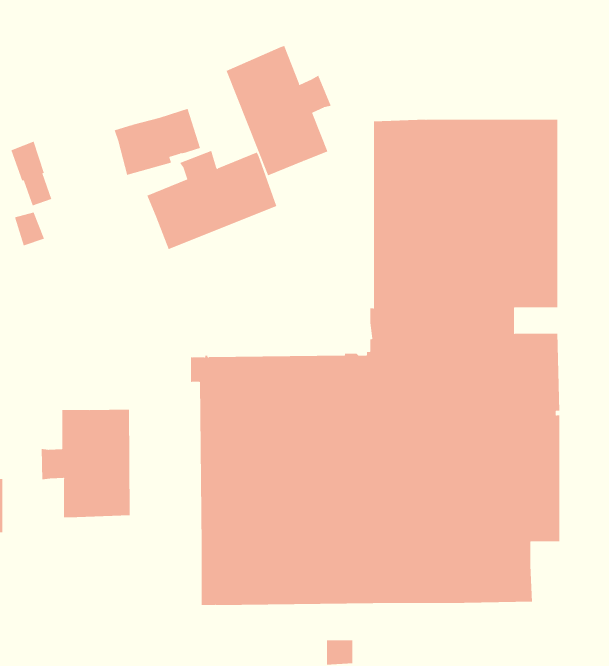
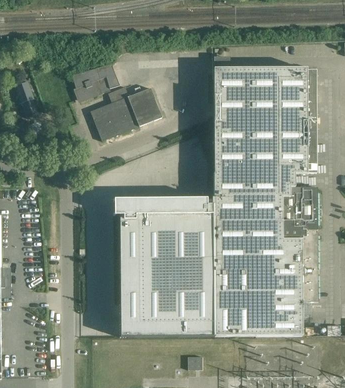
building: [226,45,332,176] -> none
building: [41,409,130,518] -> none

